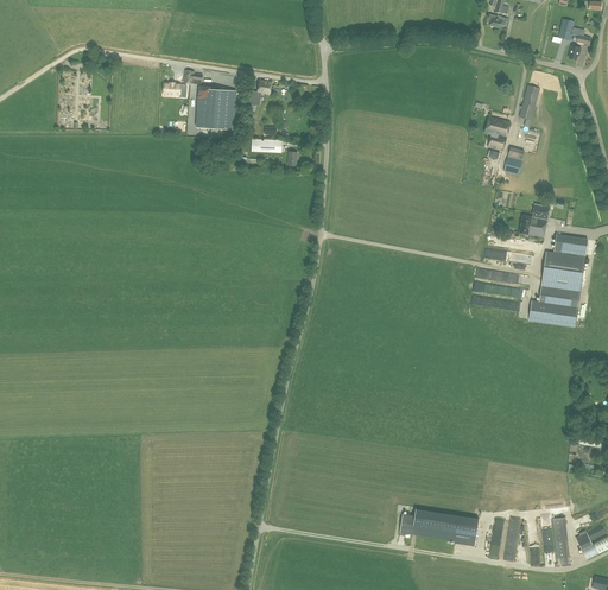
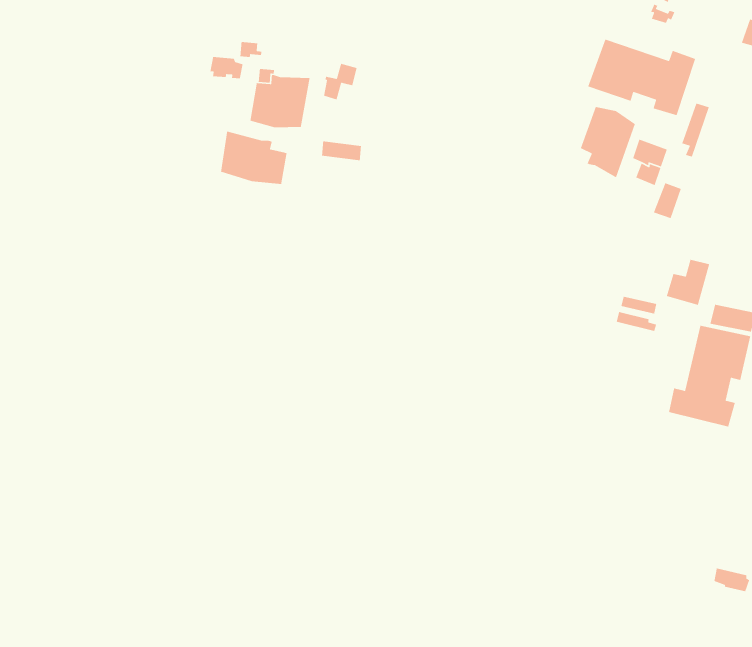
building: none -> [587,39,696,116]
building: none -> [580,106,636,179]
building: none -> [220,131,288,185]

